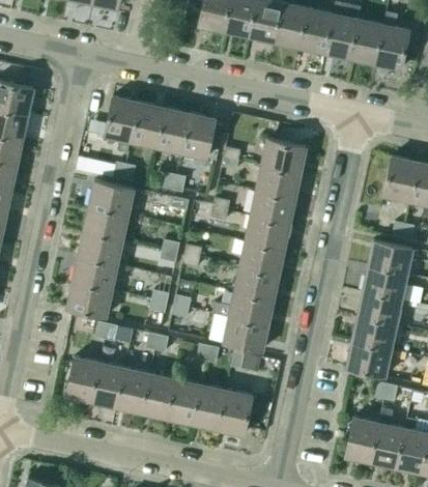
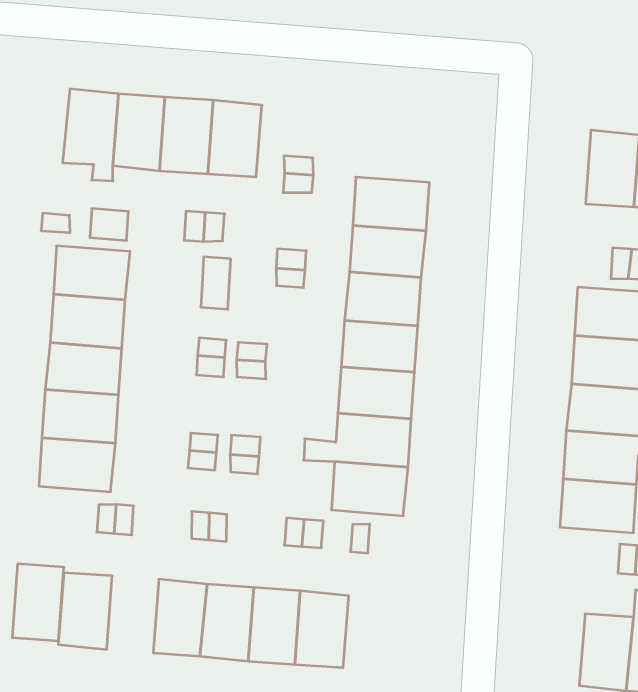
building: [261,139,306,173] -> none
building: [92,363,125,407] -> [12,564,64,641]
building: [219,391,253,435] -> none

